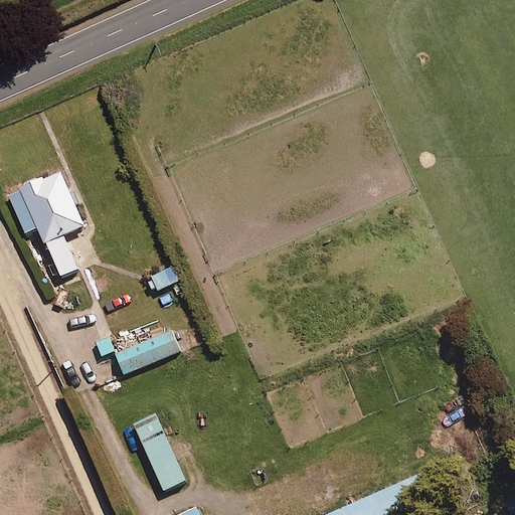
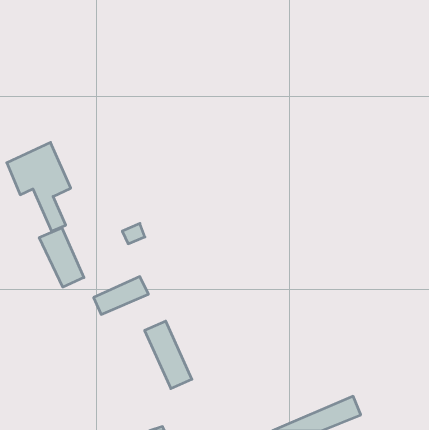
building: none -> [39,228,84,287]
building: [129,413,185,494] -> [145,321,192,389]

